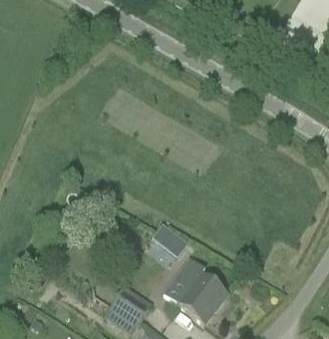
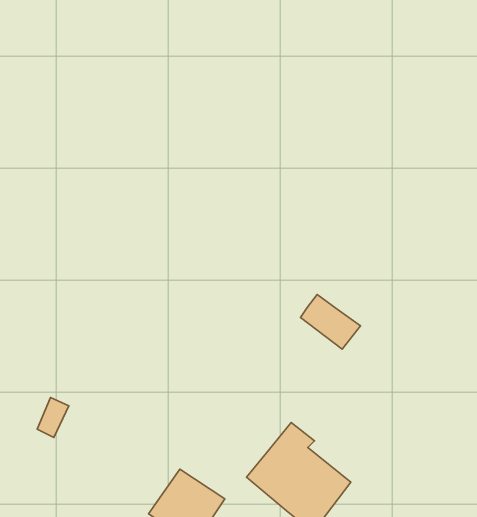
building: [151,224,188,257] -> [301,294,360,349]

